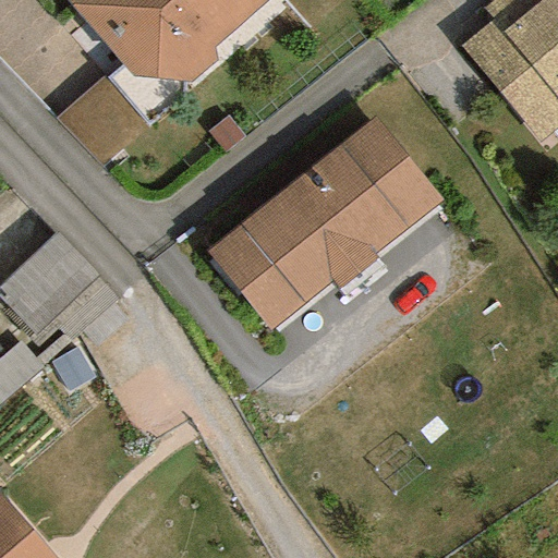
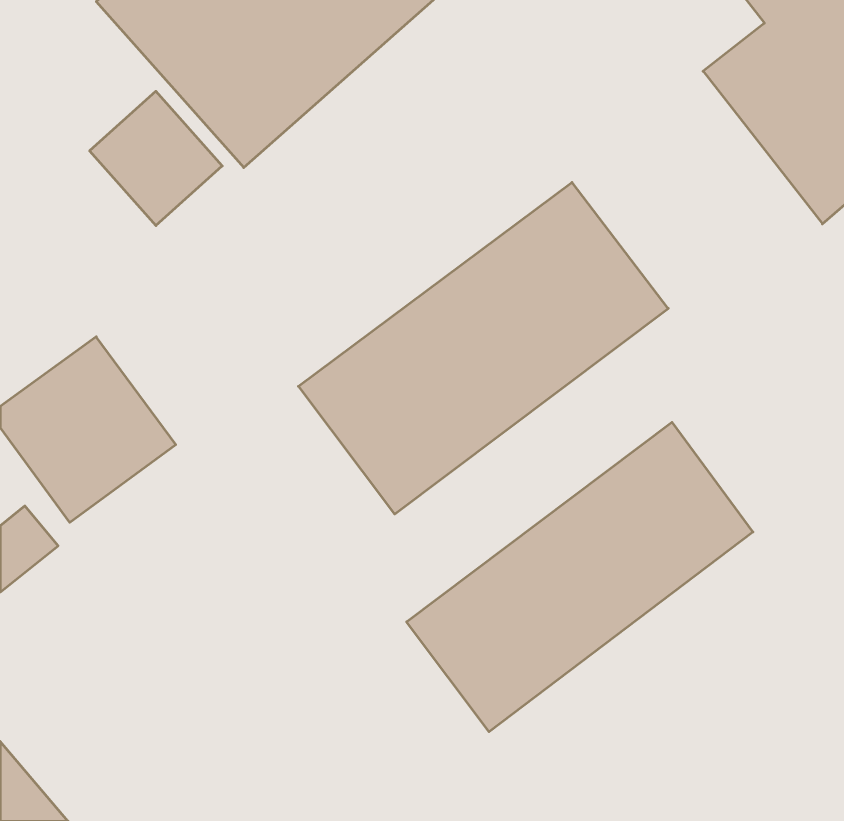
building: none -> [407,422,753,732]

